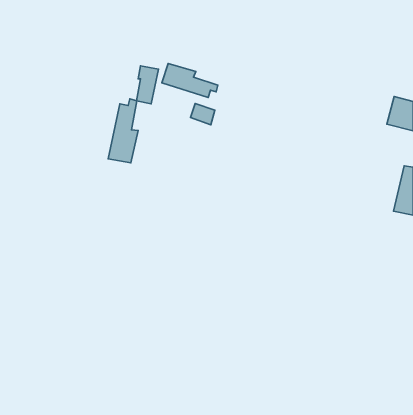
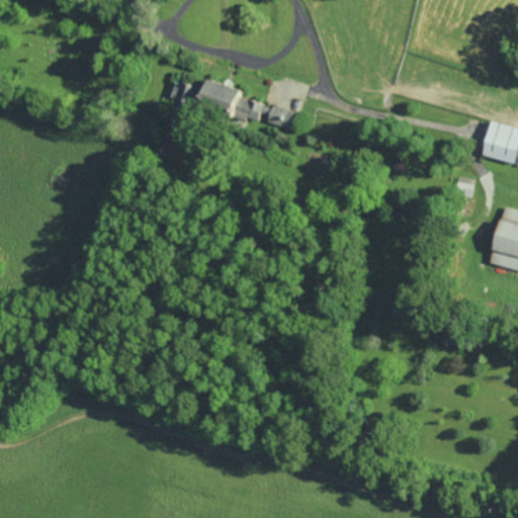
building: [108,99,138,163] -> none
building: [190,104,215,125] -> [268,104,298,131]

